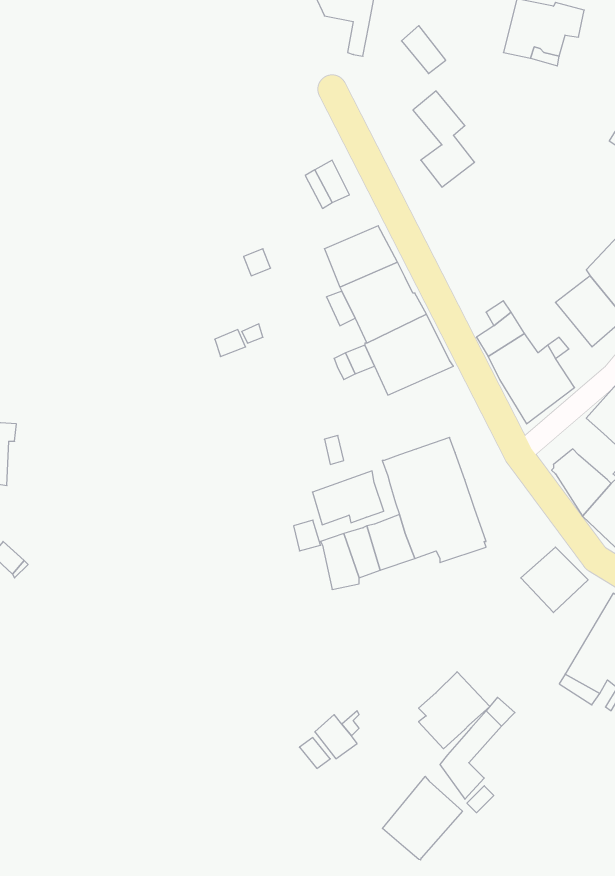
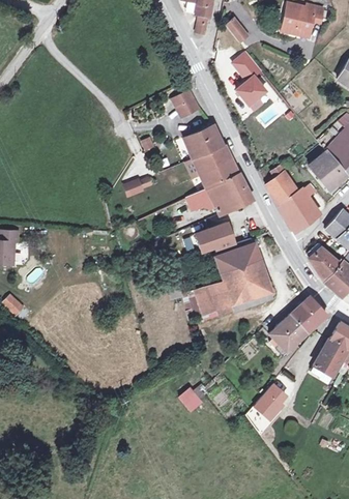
building: [312,471,384,525] -> [196,223,234,252]
building: [419,672,490,749] -> [269,314,308,355]
building: [382,776,462,860] -> none

